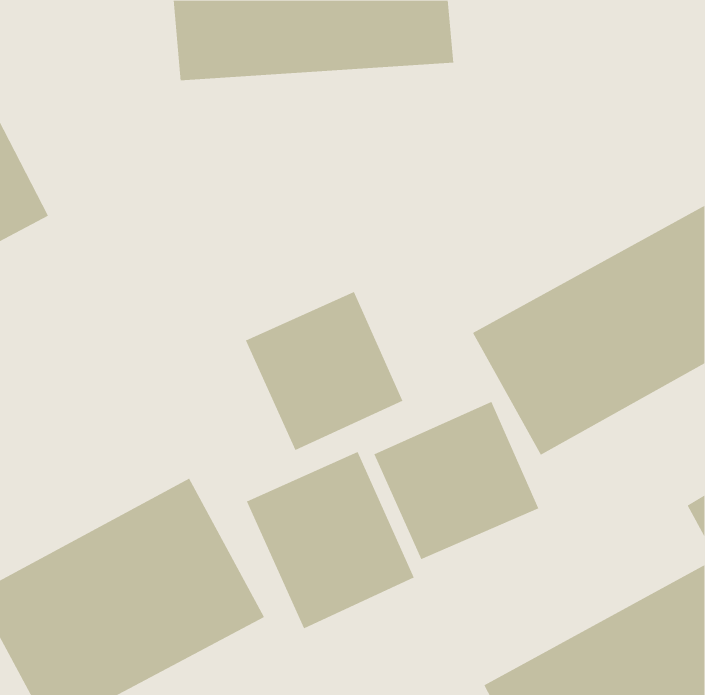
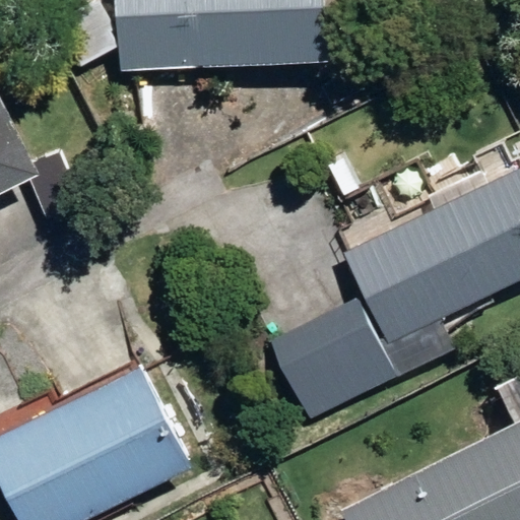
building: [245,291,403,451] -> none
building: [246,451,414,629] -> none

